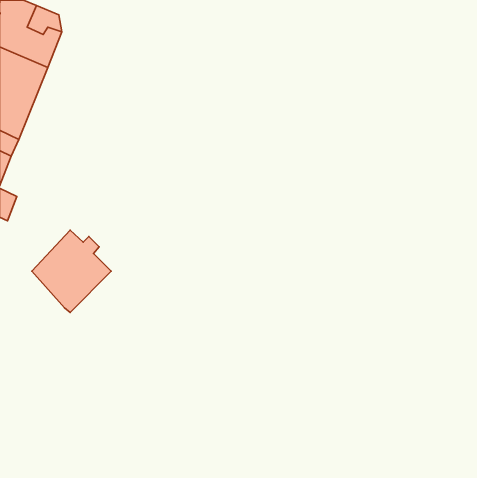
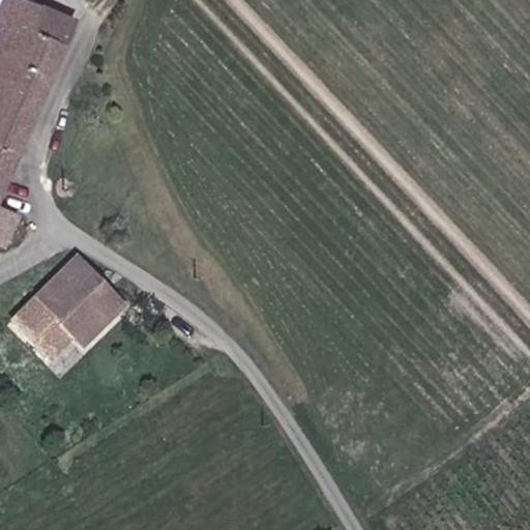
building: none -> [13,300,71,360]

